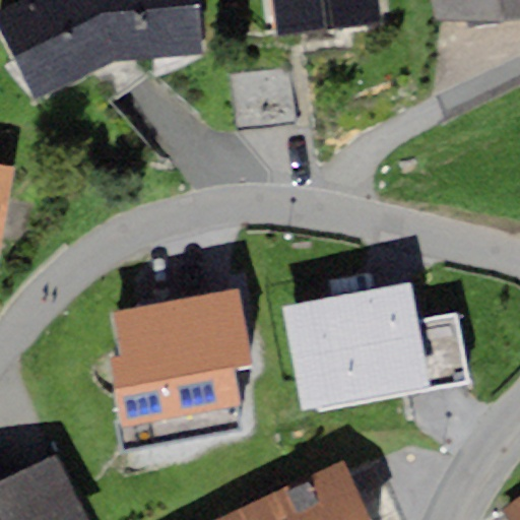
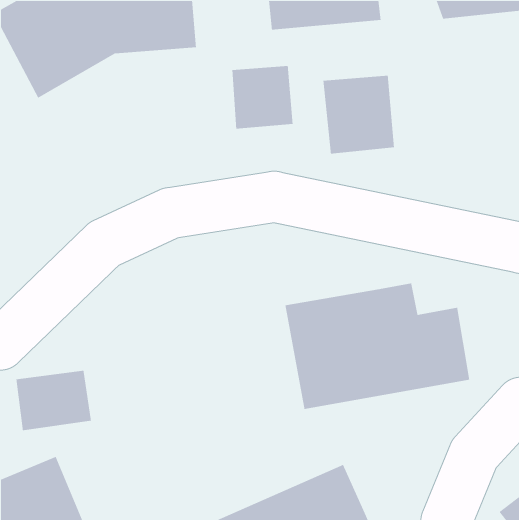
building: none -> [323,75,395,154]
building: [108,291,250,446] -> none
building: none -> [15,370,92,431]

